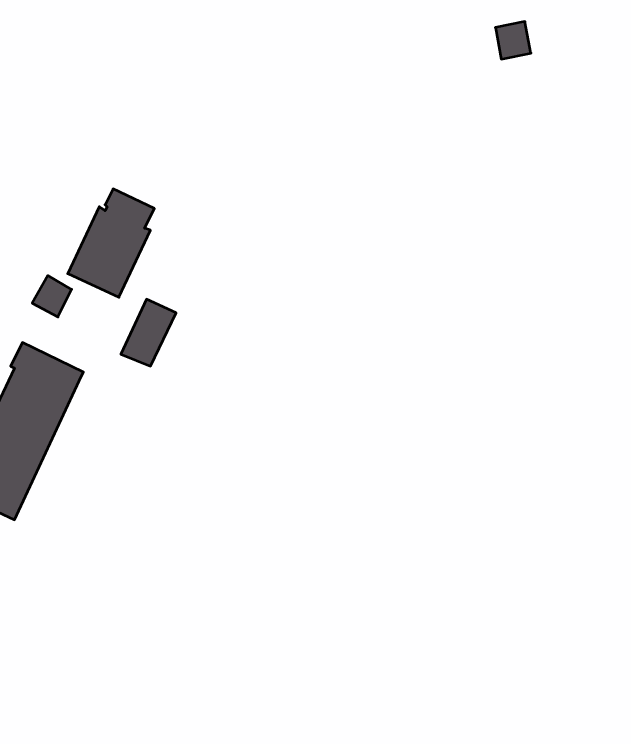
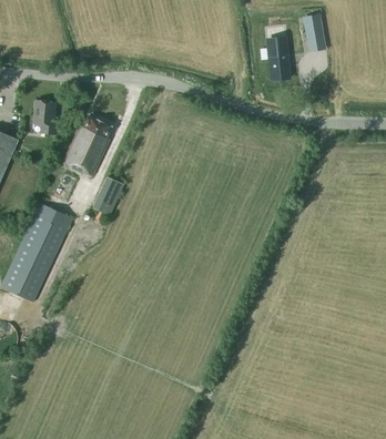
building: none -> [267,38,290,80]
building: none -> [33,100,57,134]

